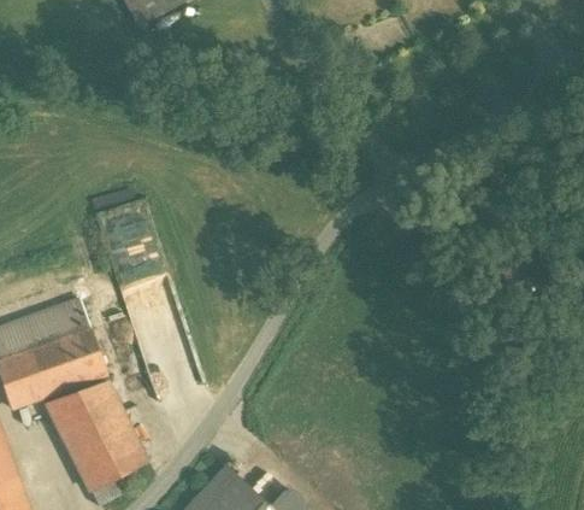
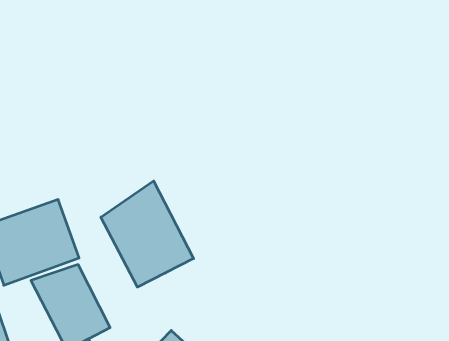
building: none -> [101,181,194,287]

